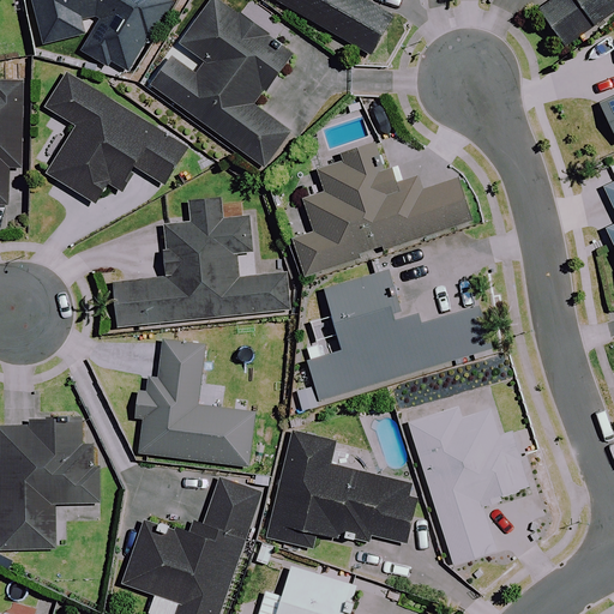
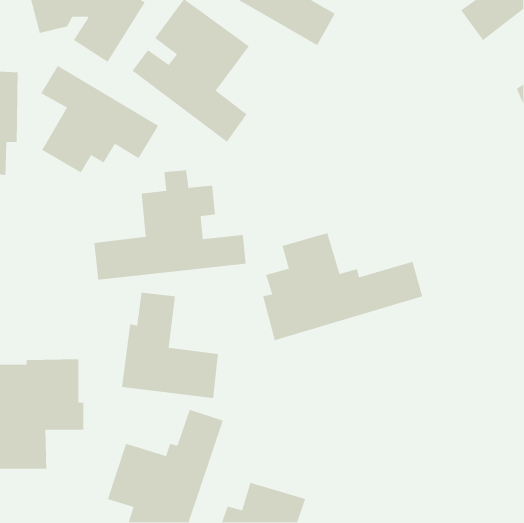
building: [291,144,475,276] -> none
building: [398,390,529,564] -> none
building: [269,432,417,548] -> none

